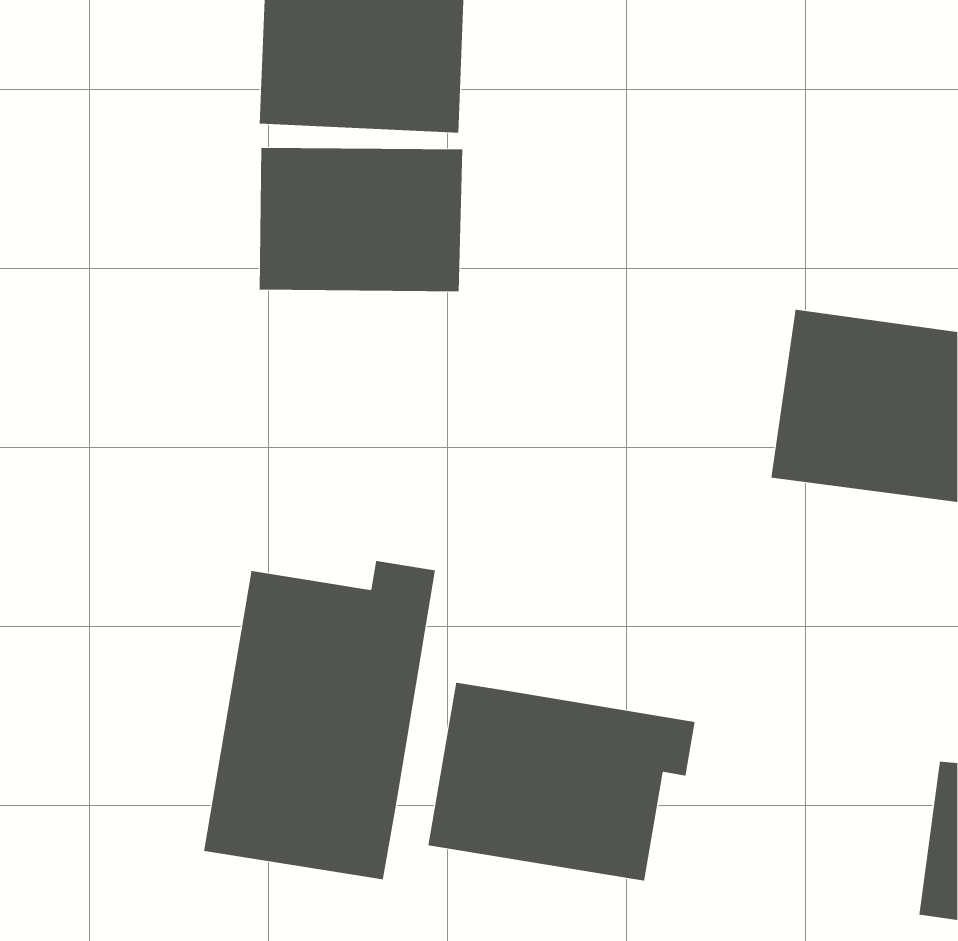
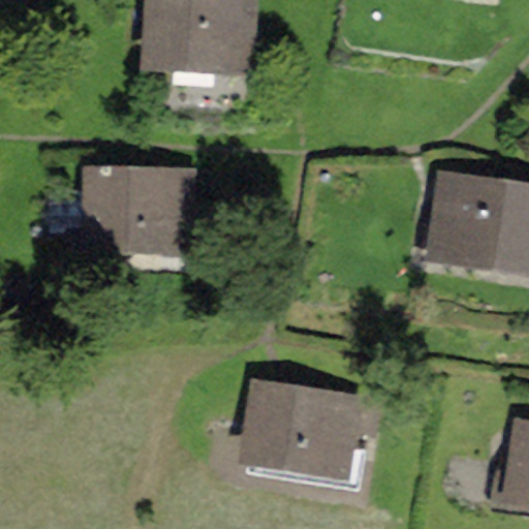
building: [259,147,463,292] -> [85,167,197,247]
building: [204,560,436,880] -> none

